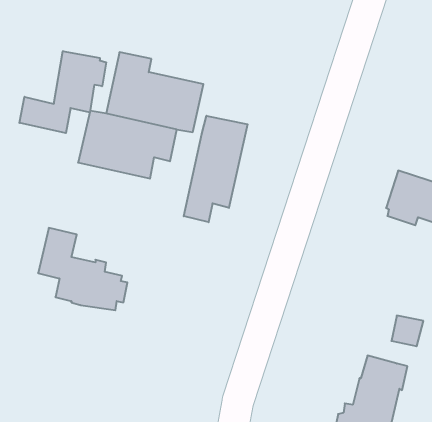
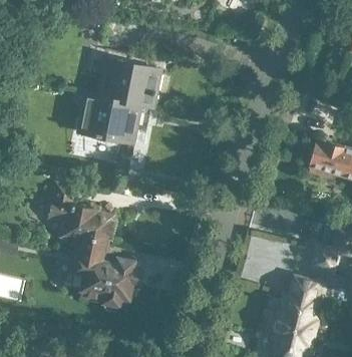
building: [19,51,106,133] -> none
building: [184,116,248,222] -> none
building: none -> [68,239,141,313]

